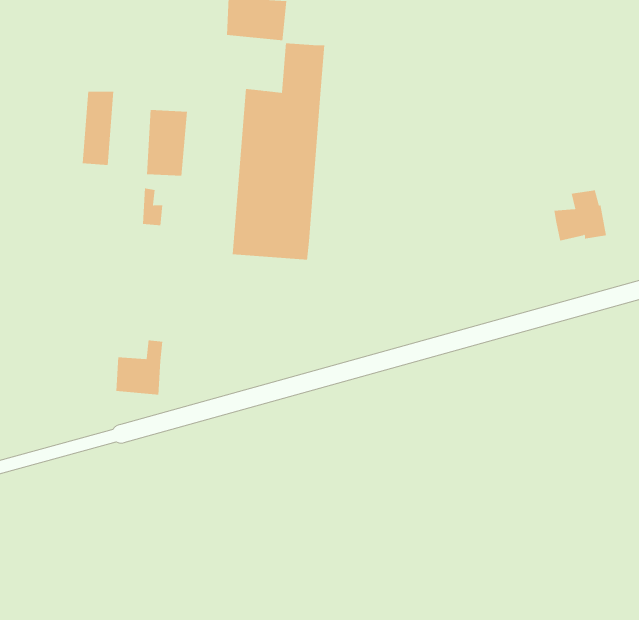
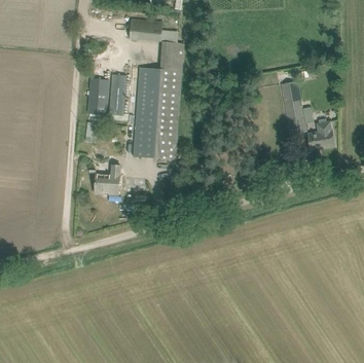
building: [82,91,114,165] -> [108,75,125,115]
building: none -> [281,81,306,135]
building: [115,340,163,395] -> [95,165,120,194]

